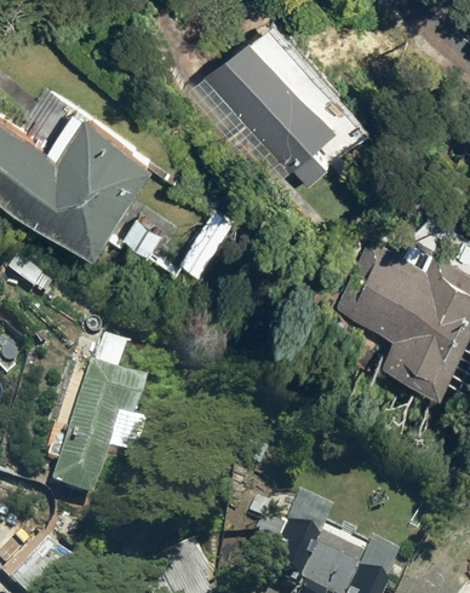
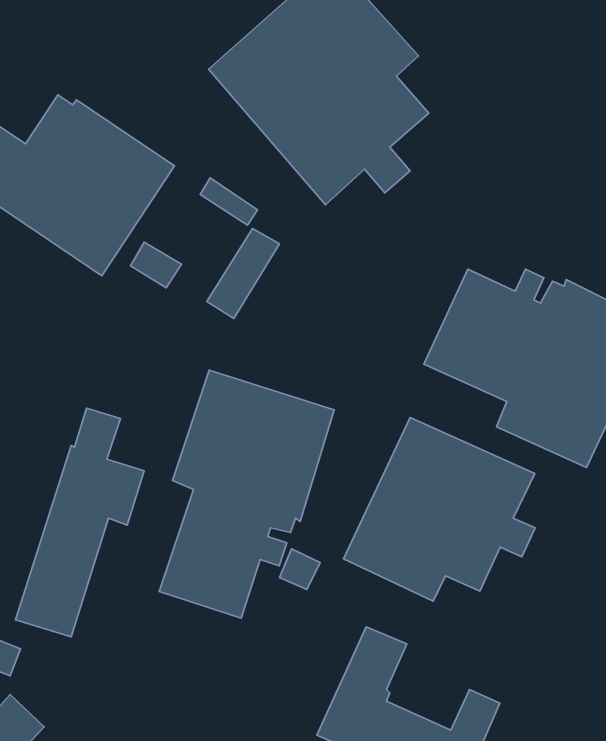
building: none -> [159,370,334,618]
building: none -> [344,418,535,601]

